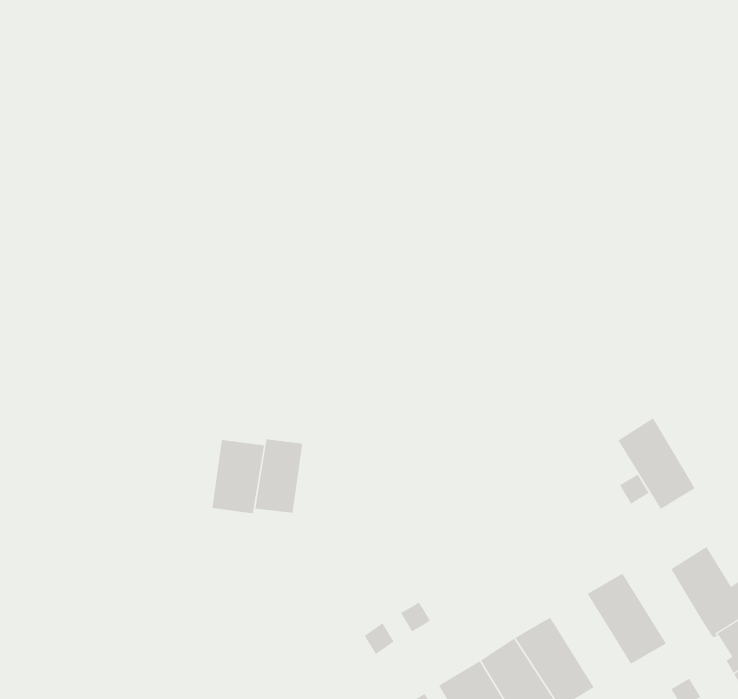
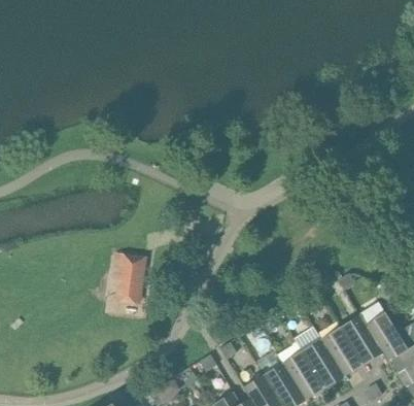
building: [617,418,695,511] -> [340,314,382,365]
building: [255,438,303,513] -> none
building: none -> [301,338,344,388]

